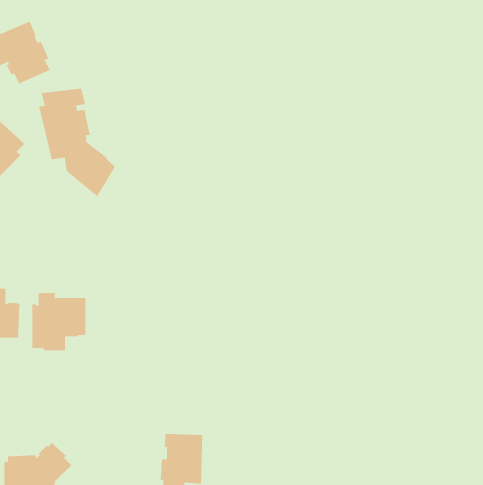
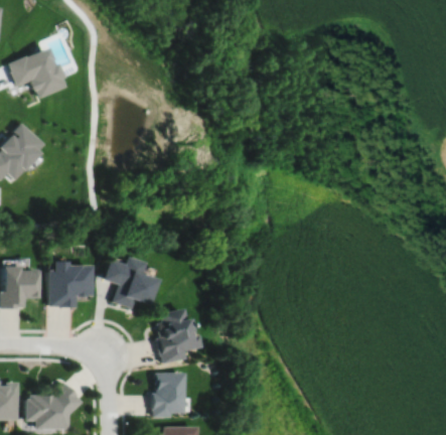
building: [39,88,116,197] -> none
building: none -> [104,257,156,308]
building: none -> [155,309,201,365]

